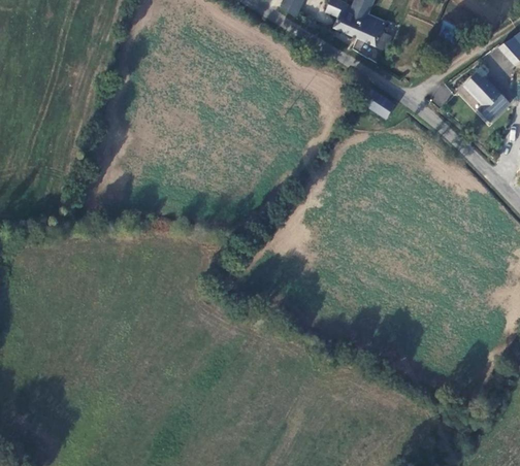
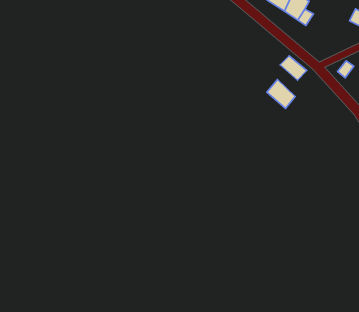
building: none -> [267,80,295,109]

